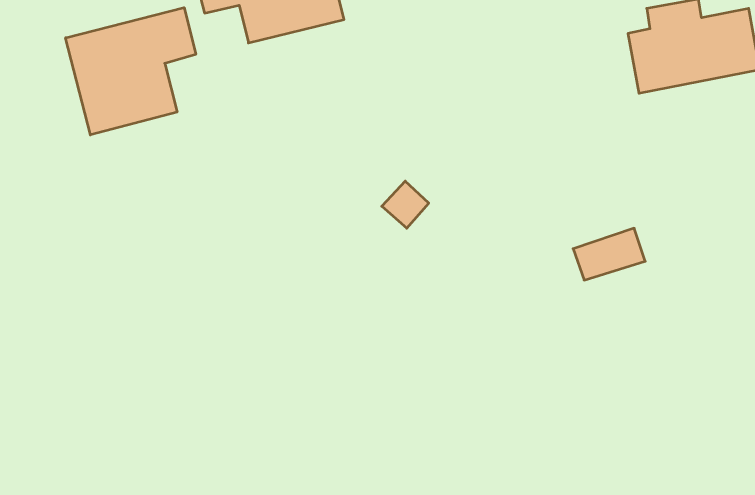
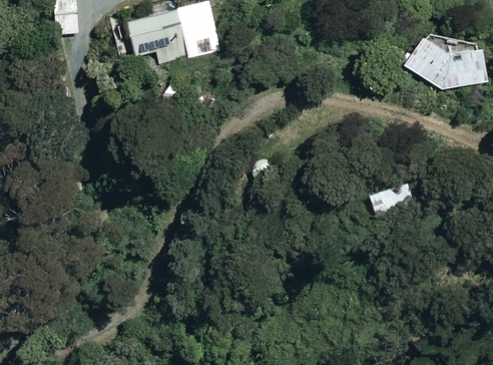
building: [66,8,196,135] -> none

